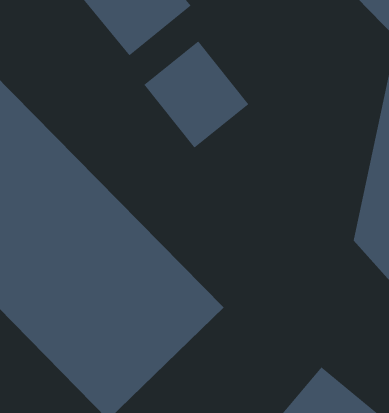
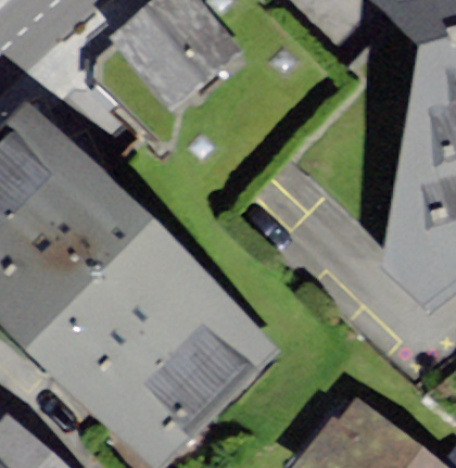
building: [144,40,249,148] -> none

